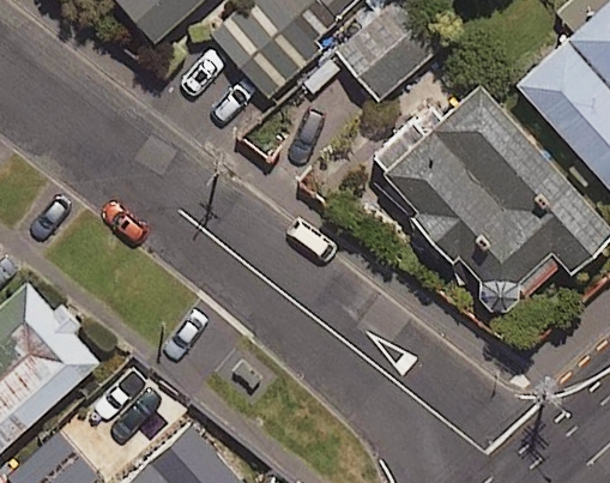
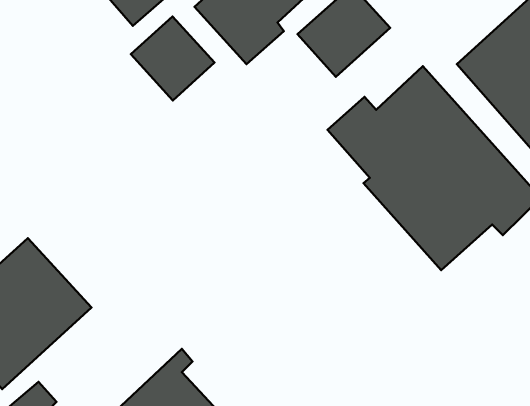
building: none -> [131,16,214,100]

